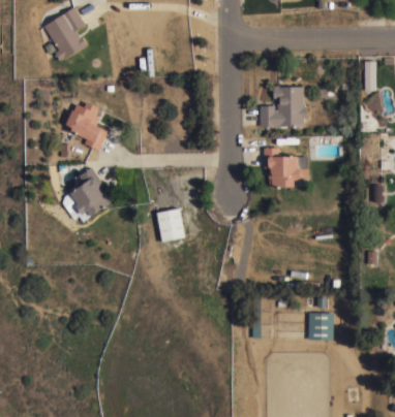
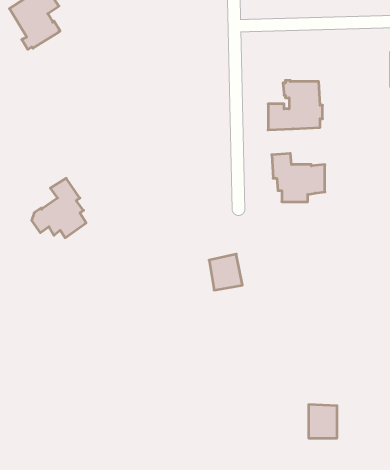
building: [66,101,108,150] -> none
building: [157,207,185,237] -> [209,254,242,290]
building: [309,312,333,340] -> [309,405,337,438]

